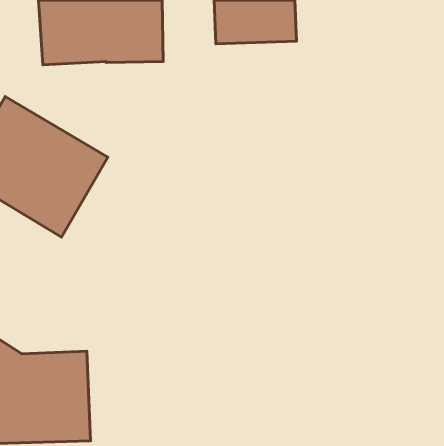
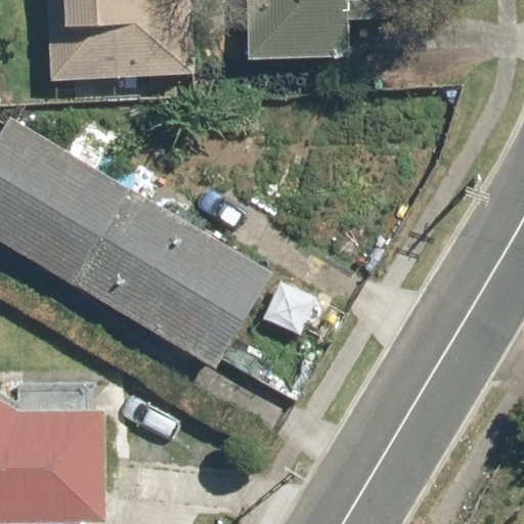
building: none -> [87,194,271,367]

